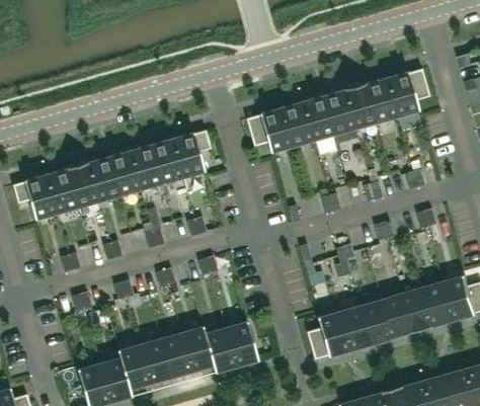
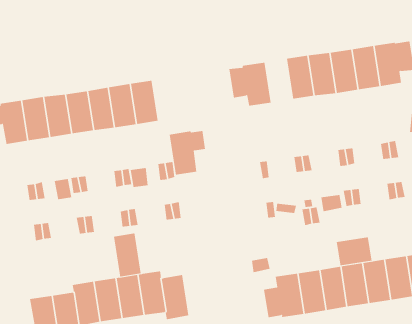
building: [282,101,313,147] -> none
building: [172,131,211,178] -> [169,130,206,175]
building: none -> [336,236,372,266]
building: [226,321,258,367] -> [113,233,142,277]

